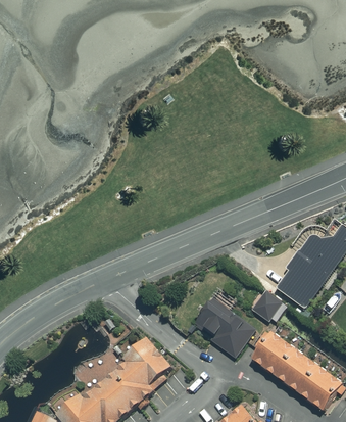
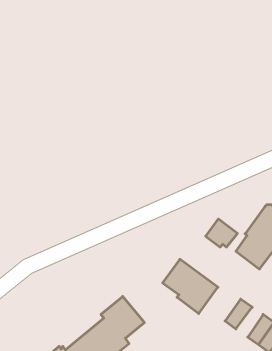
building: [252,289,288,321] -> [206,219,237,247]
building: [252,332,282,366] -> none
building: [277,350,307,384] -> none

